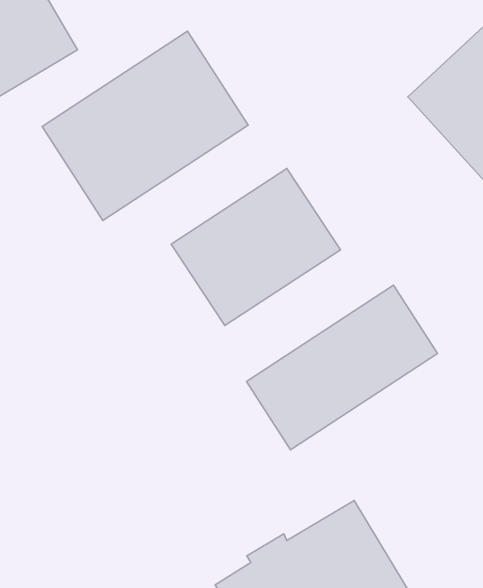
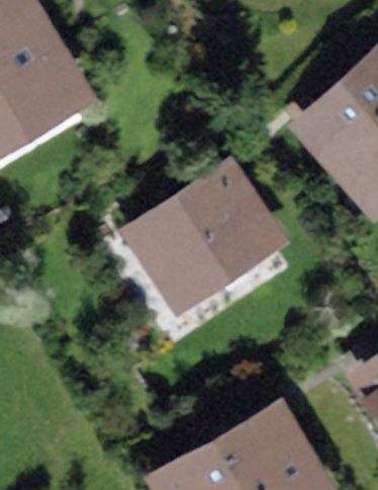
building: [42,31,248,221] -> none
building: [247,285,438,450] -> none

